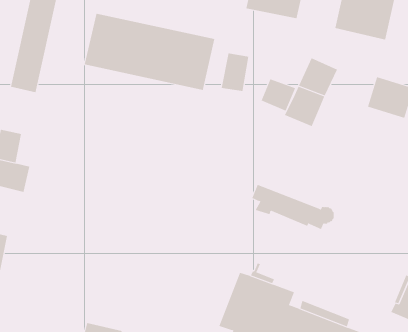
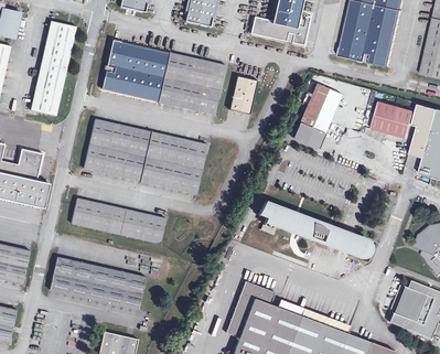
building: [261,78,296,111] -> none
building: none -> [84,118,207,192]
building: none -> [71,197,165,242]
building: none -> [325,228,369,256]
building: none -> [50,256,144,309]

